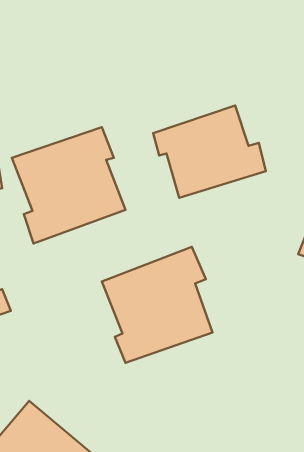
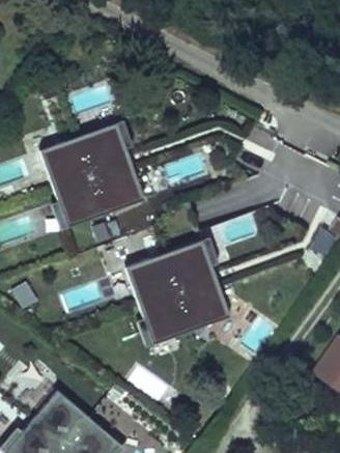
building: [153,106,266,198] -> none

